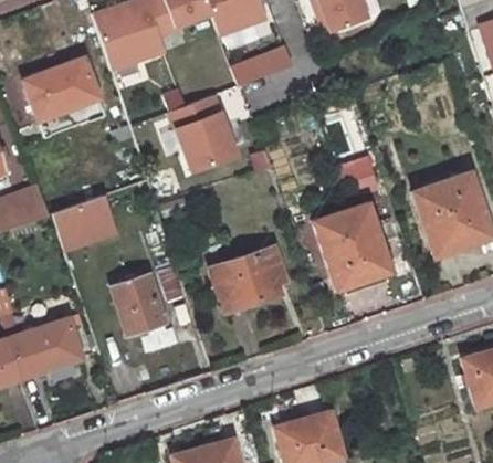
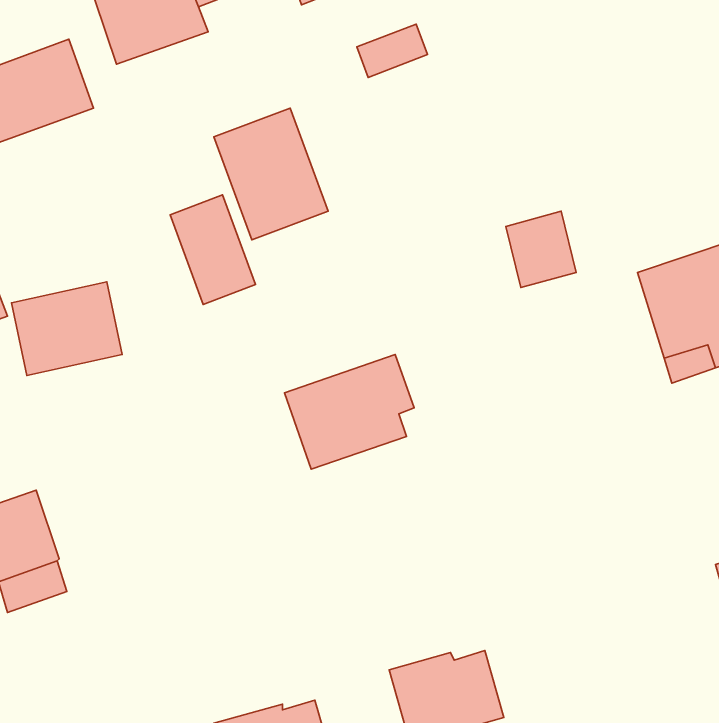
building: none -> [170,195,256,305]
building: [317,201,394,288] -> none
building: [111,275,168,339] -> none

